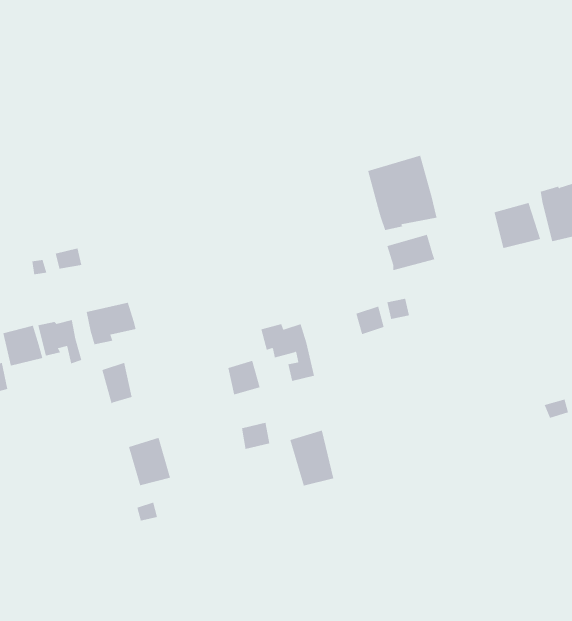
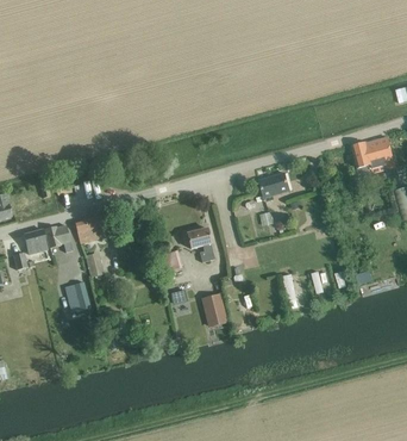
building: [367,155,437,231] -> none
building: [494,202,541,249] -> none
building: [128,437,171,486] -> [64,281,90,311]

